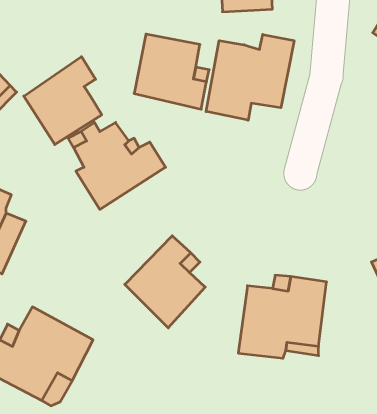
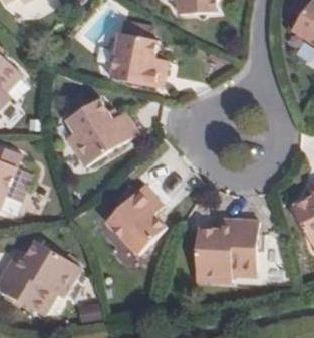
building: [206,34,294,120] -> none
building: [24,57,102,145] -> none

